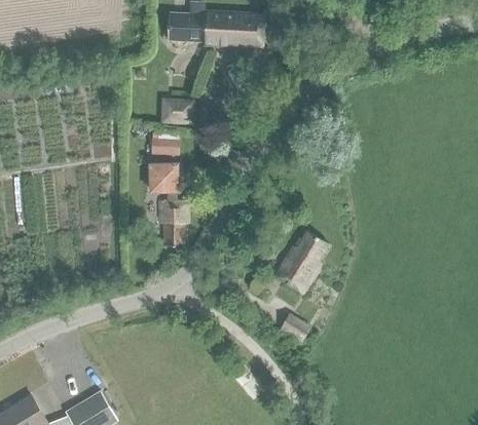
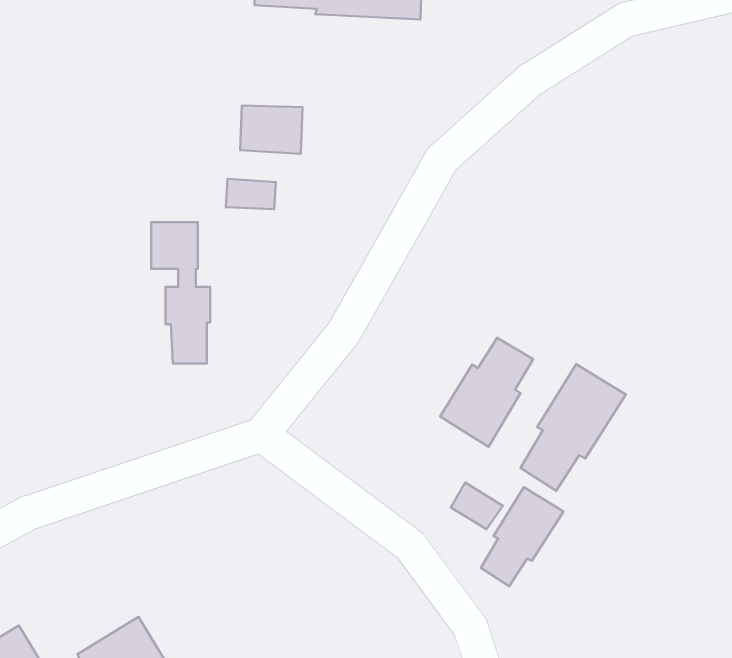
building: [151,165,185,246] -> [151,222,210,364]
building: none -> [520,364,626,491]
building: none -> [481,487,563,586]

